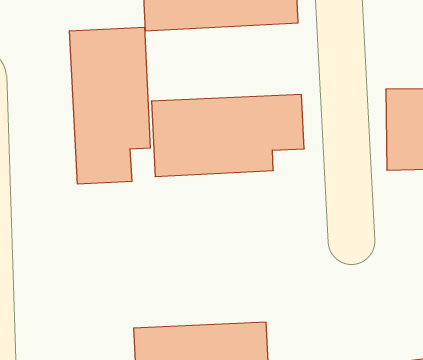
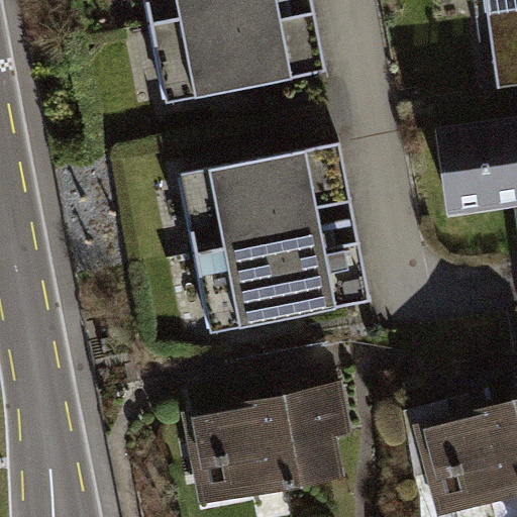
building: [69,27,150,184] -> none
building: none -> [200,230,375,333]

